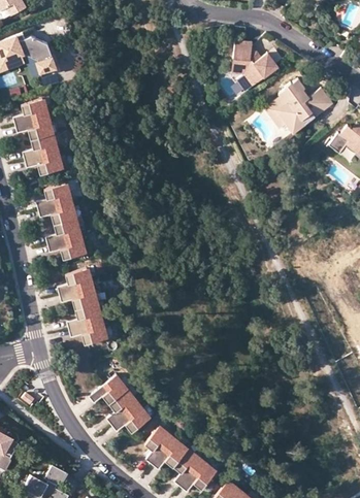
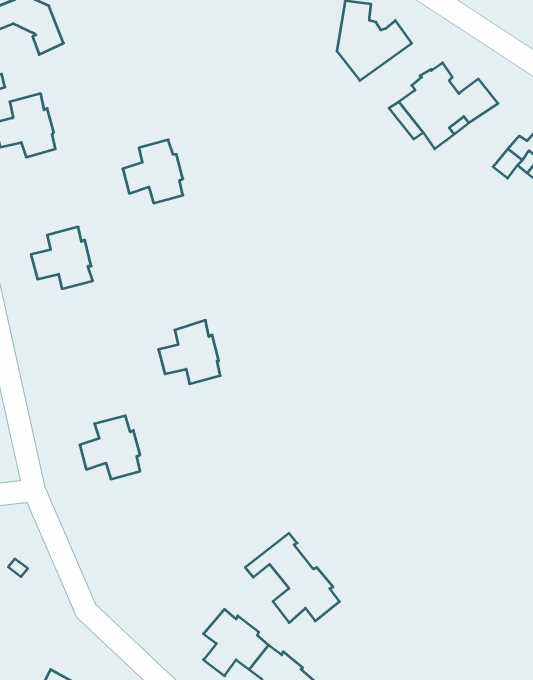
building: [24,134,62,174] -> [123,140,183,203]
building: [46,218,86,258] -> none
building: [58,268,97,308] -> [158,320,220,384]
building: [89,374,149,431] -> [245,533,340,623]

